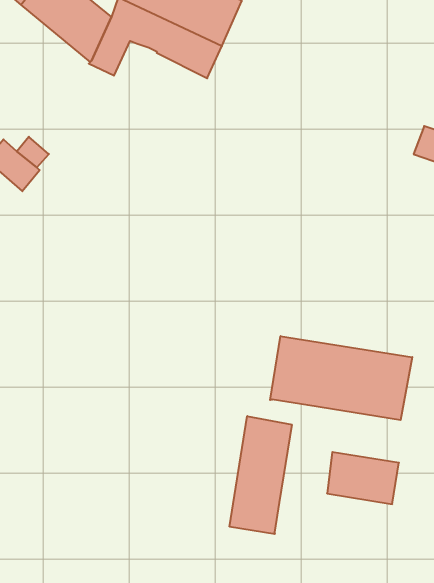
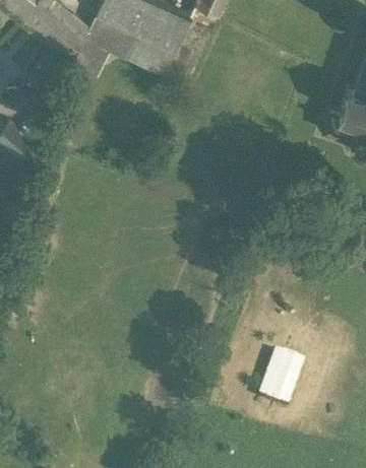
building: [270,336,412,420] -> none
building: [230,416,292,534] -> none

